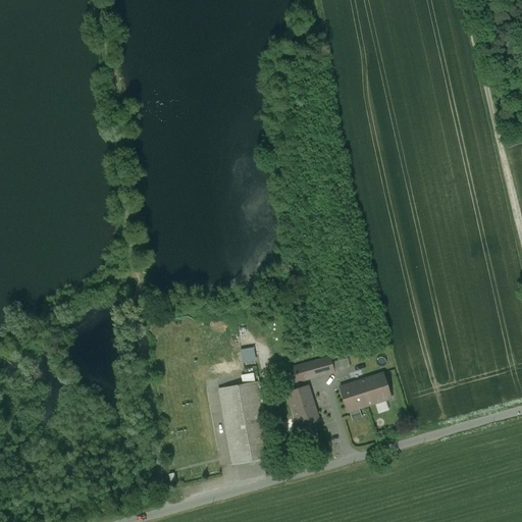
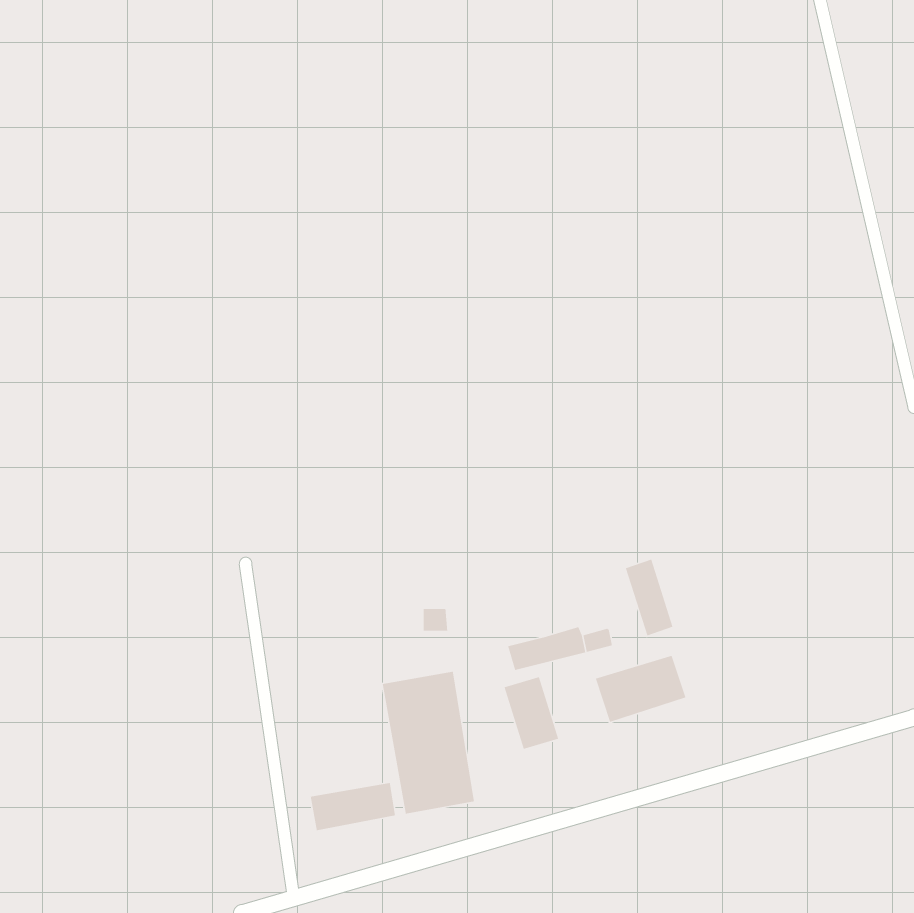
building: none -> [625,559,674,636]
building: none -> [310,782,396,831]

